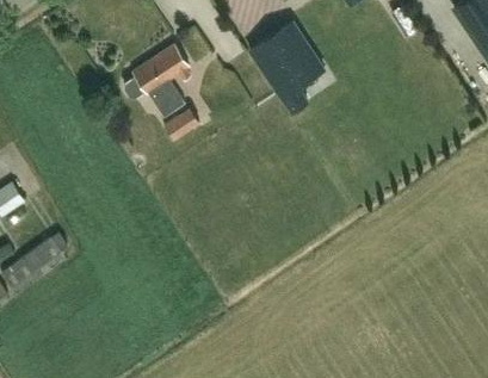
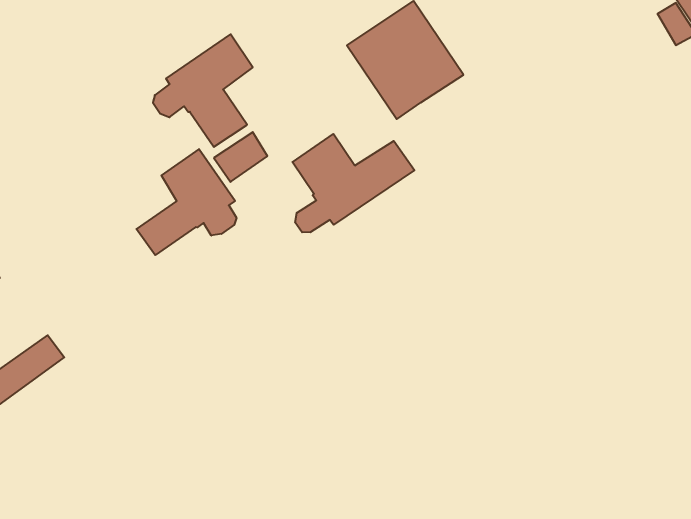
building: none -> [292,134,414,232]
building: none -> [136,149,236,255]

